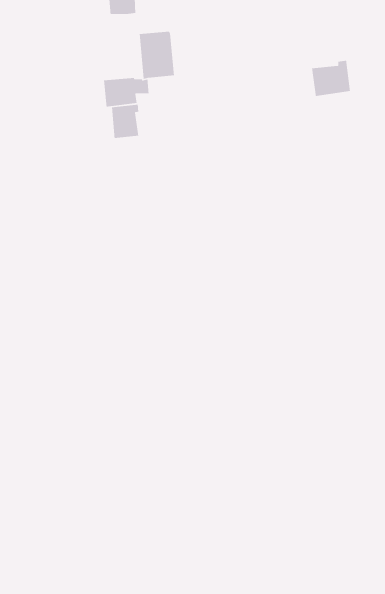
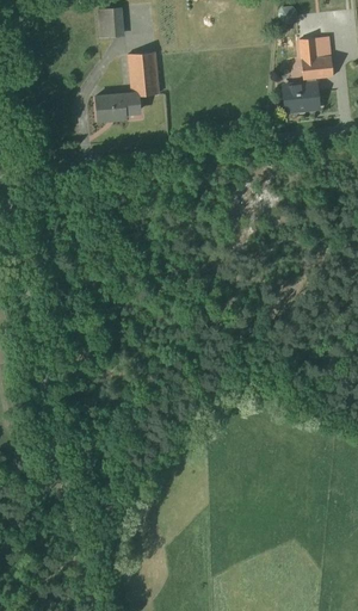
building: none -> [297,37,332,80]
building: [111,104,139,139] -> none

